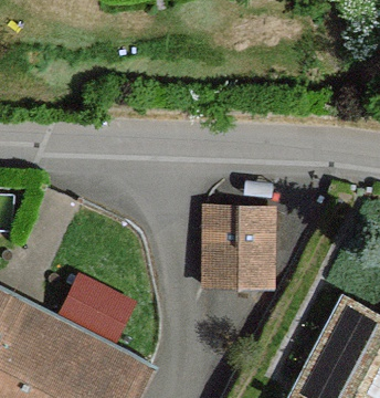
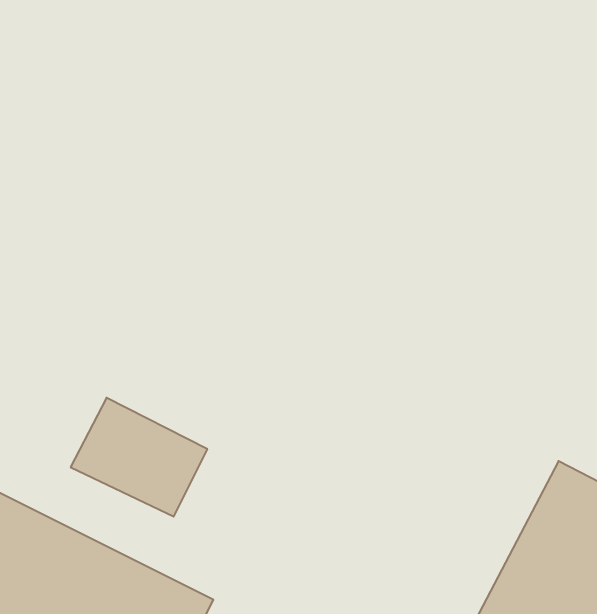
building: [203,209,273,286] -> none

